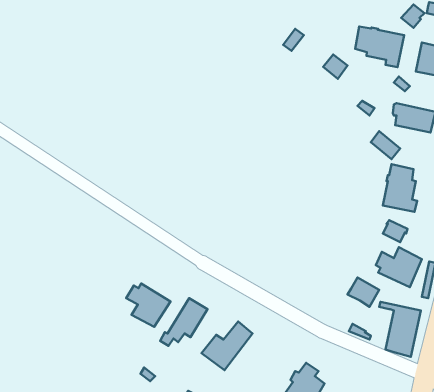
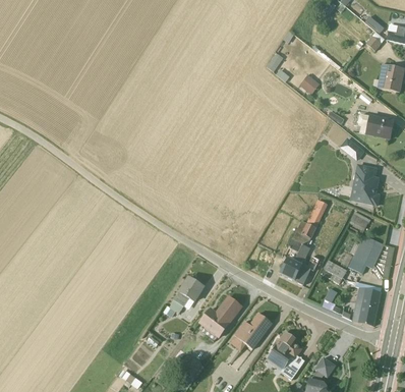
building: [355,26,404,67] -> none
building: none -> [280,200,328,285]
building: [126,284,170,327] -> none
building: none -> [229,313,272,350]

